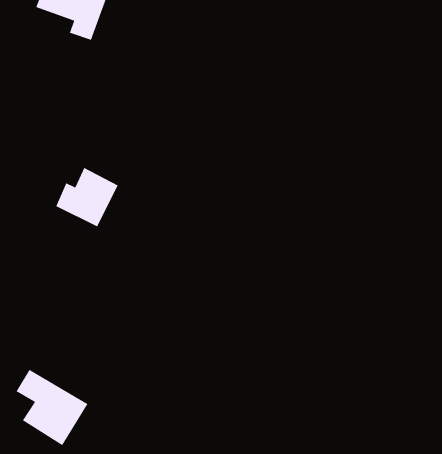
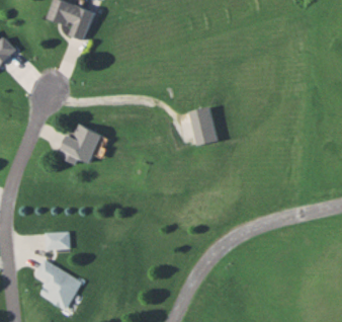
building: none -> [190,107,218,145]
building: none -> [45,233,70,249]

